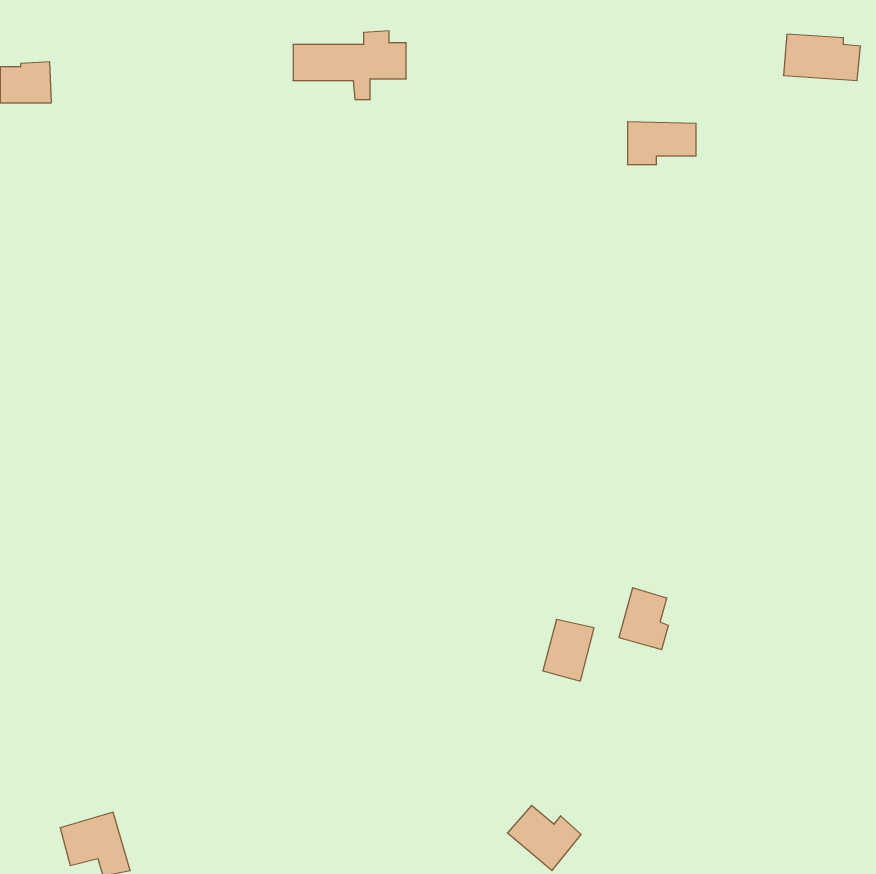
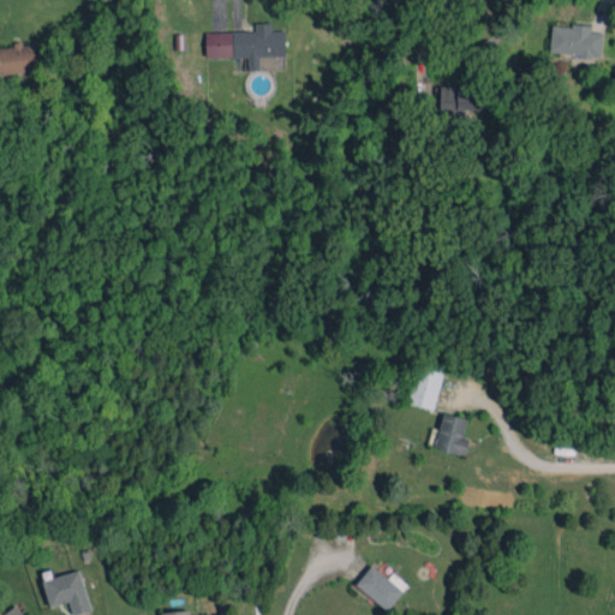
building: [543,619,594,681] -> [407,368,443,411]

